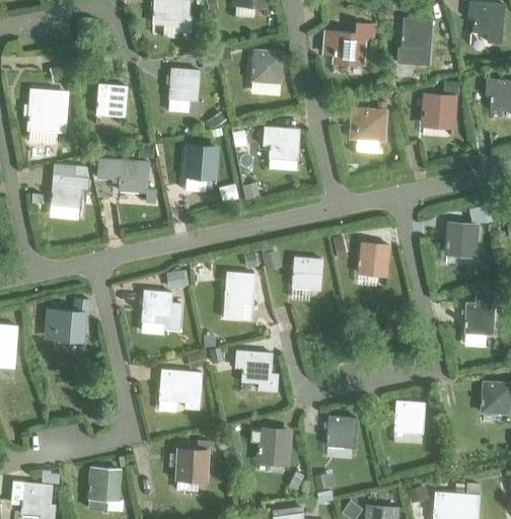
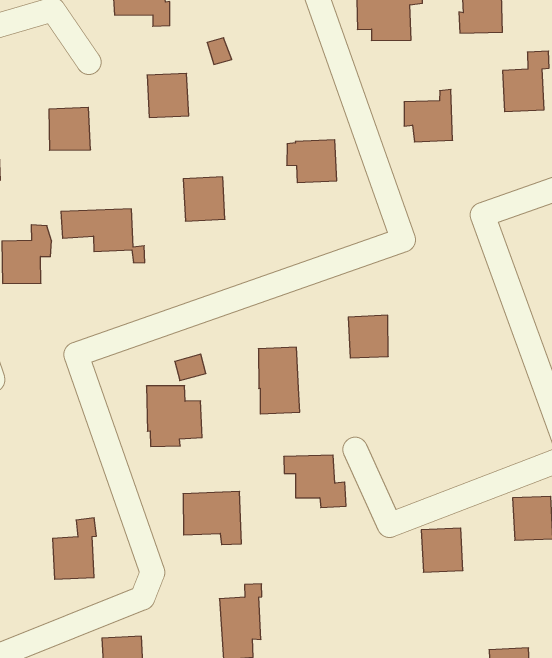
building: [251,50,282,82] -> none
building: [358,243,388,275] -> none
building: [55,299,88,342] -> [53,518,96,579]
building: [260,430,290,462] -> none

